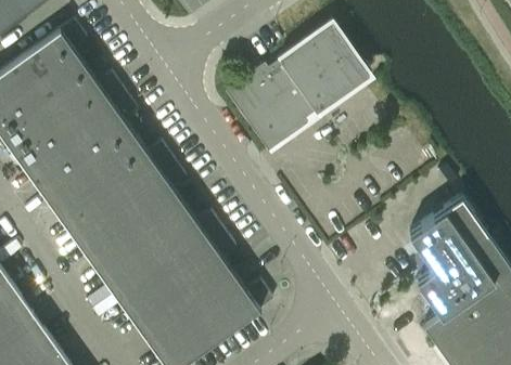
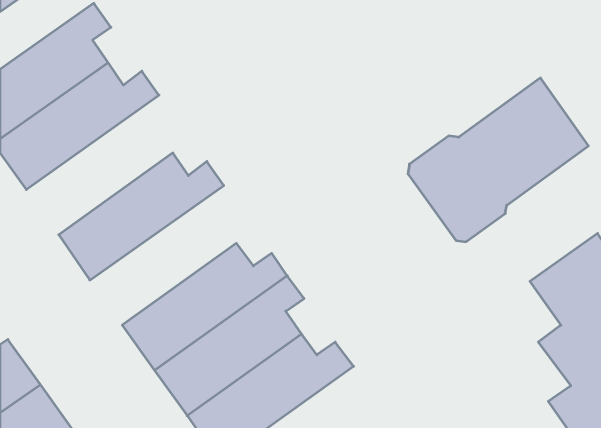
building: [227,24,366,149] -> [408,78,588,242]
building: [21,92,136,199] -> none
building: [69,161,184,269] -> none

